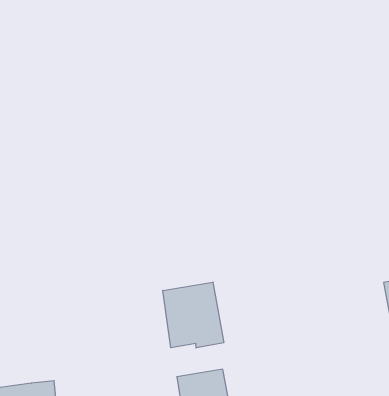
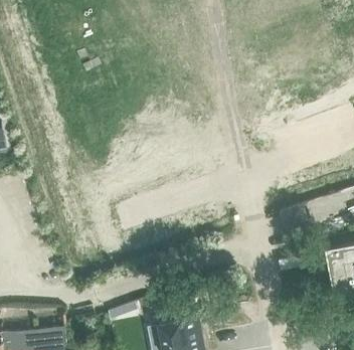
building: [163,282,224,348] -> none

